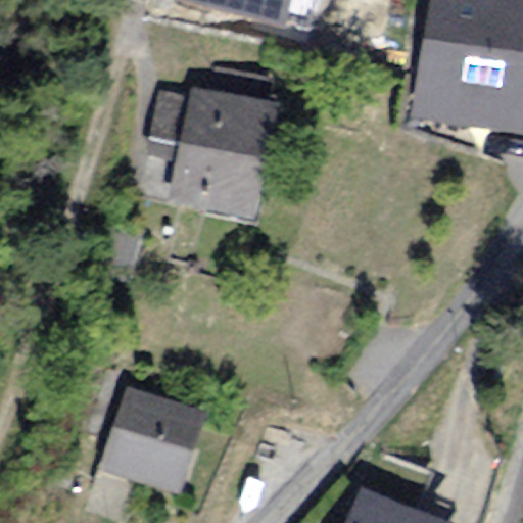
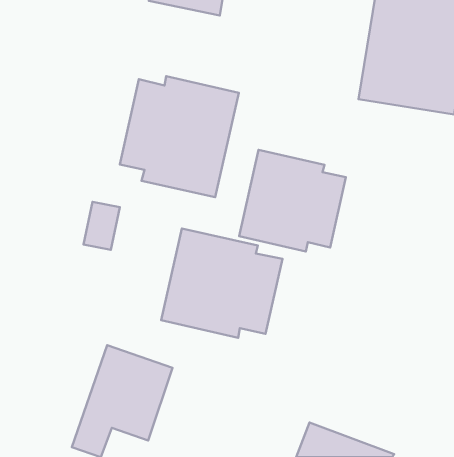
building: none -> [239,150,346,251]
building: none -> [161,228,283,338]

